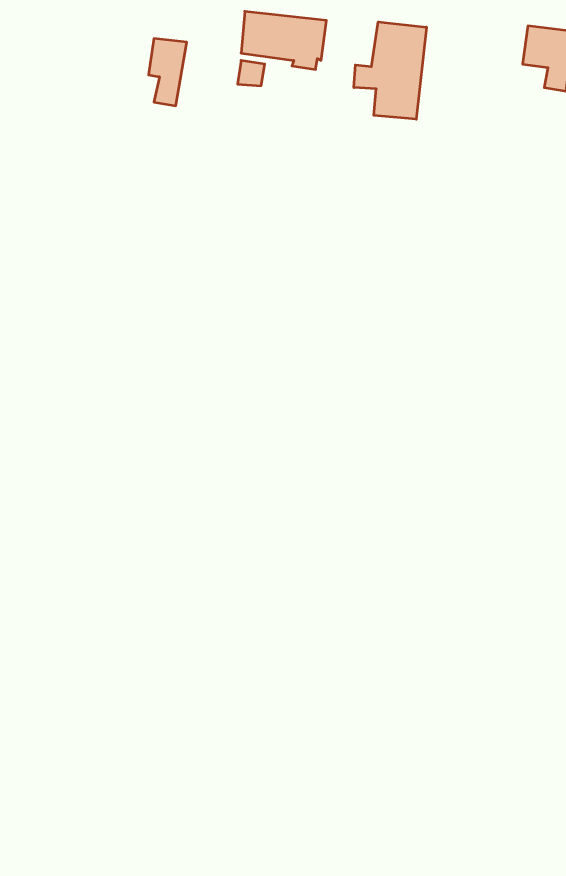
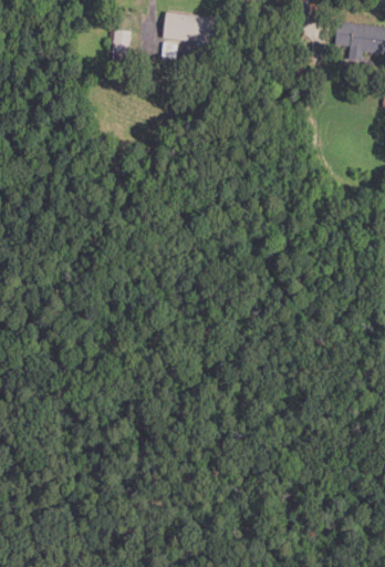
building: [354,22,426,119] -> none

